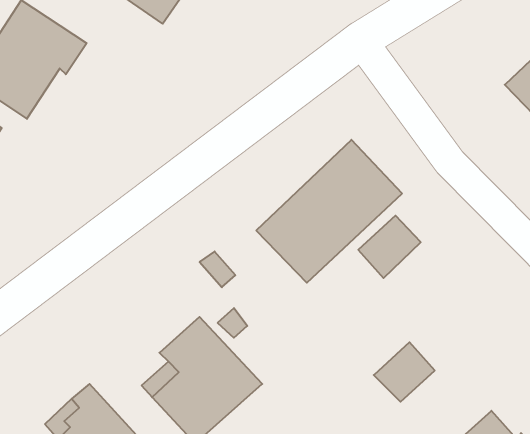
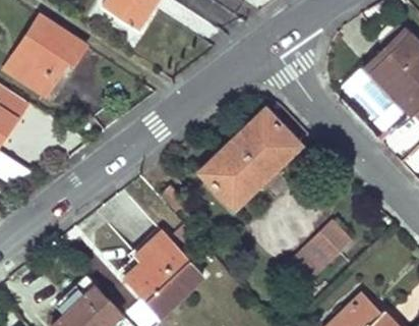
building: [358,216,421,278] -> [308,221,351,264]

